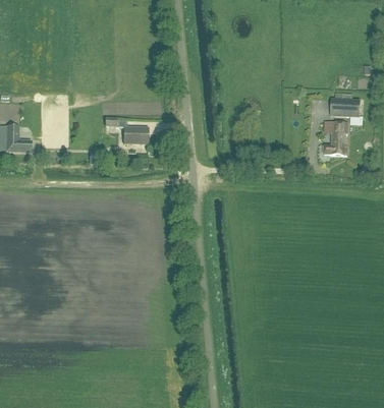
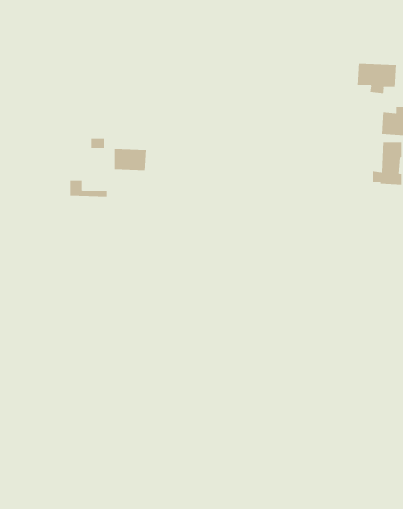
building: none -> [357,63,396,94]

